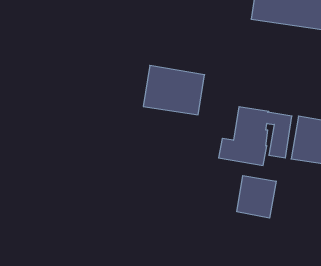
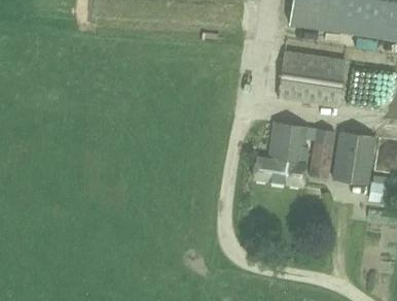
building: [143,65,205,115] -> [278,52,346,106]
building: [237,176,276,218] -> none

